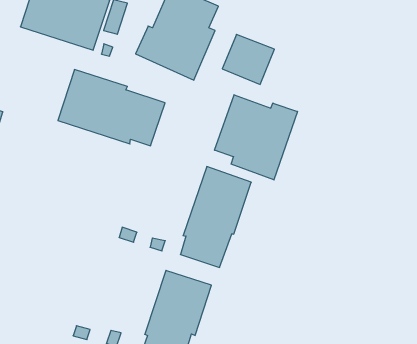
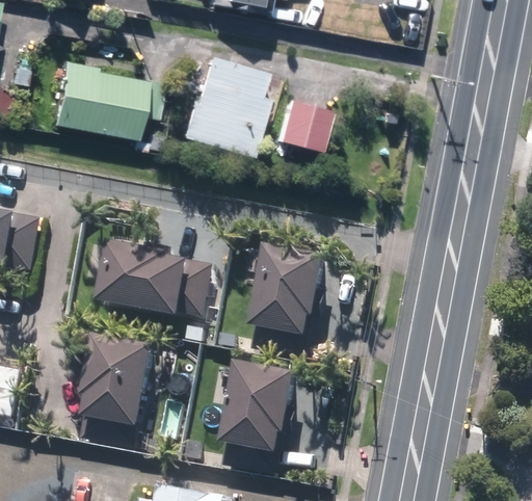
building: [58,70,165,146] -> [97,241,211,314]
building: [215,95,297,180] -> none
building: none -> [78,335,152,445]

